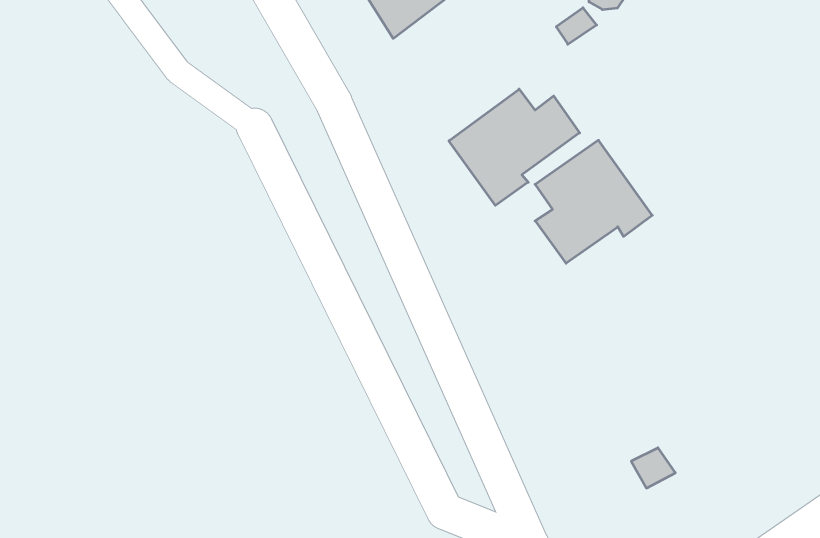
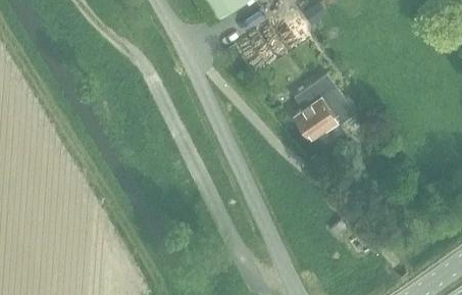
building: [449,89,580,205] -> none

